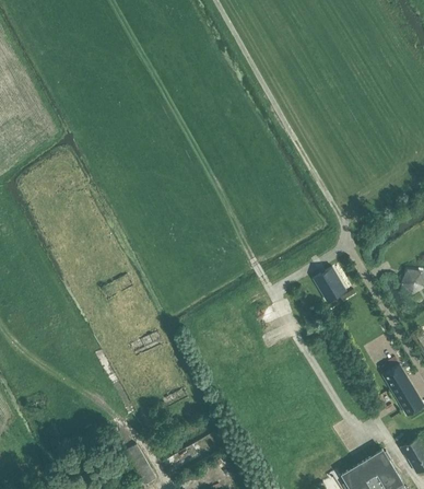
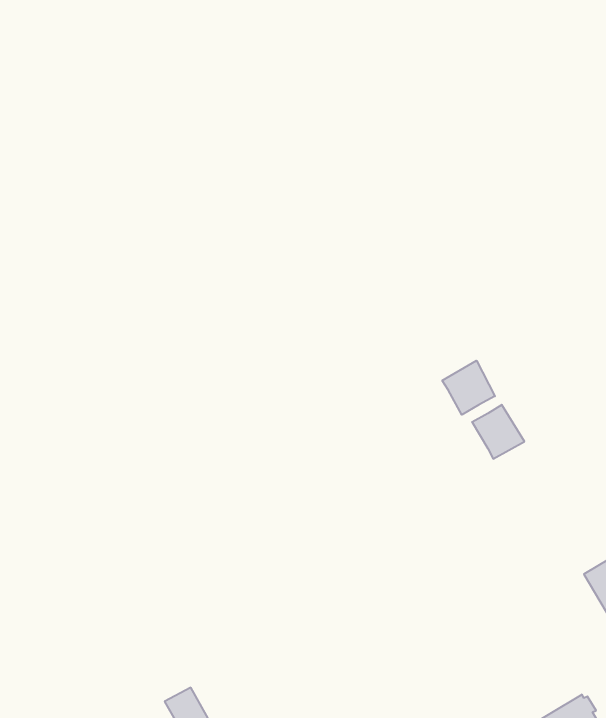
building: none -> [442,361,495,415]

